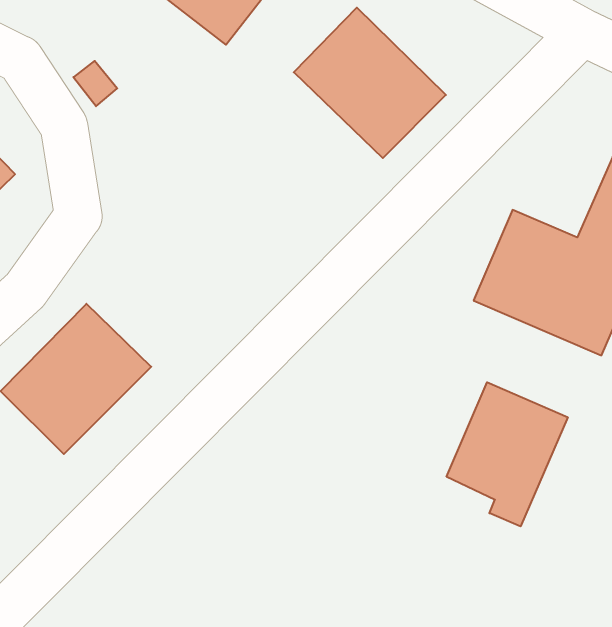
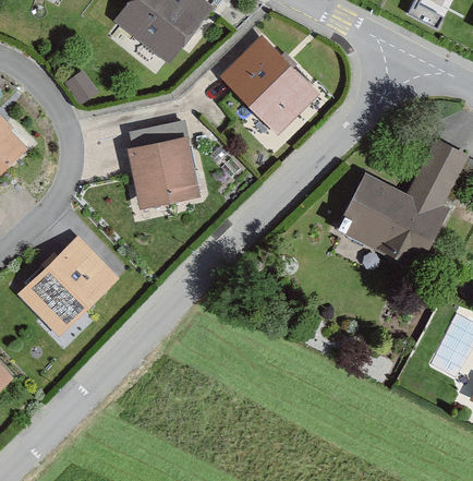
building: none -> [125,121,198,212]
building: [447,382,568,526] -> none

